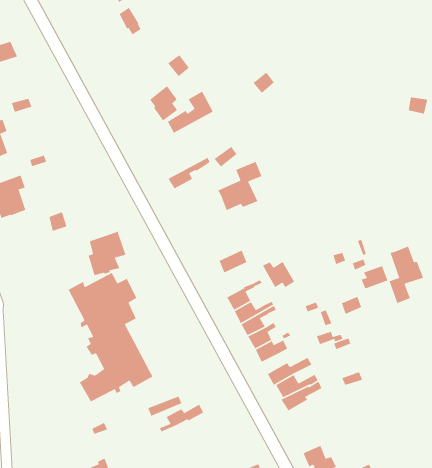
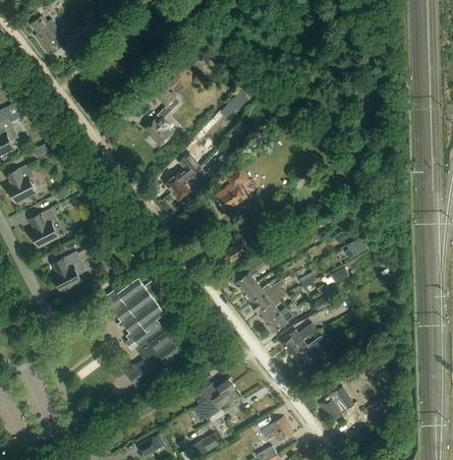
building: [167,90,214,134] -> [164,153,202,192]
building: [87,231,126,278] -> [50,250,84,293]
building: [388,246,424,304] -> none
building: [262,261,295,288] -> none
building: none -> [199,382,241,416]

